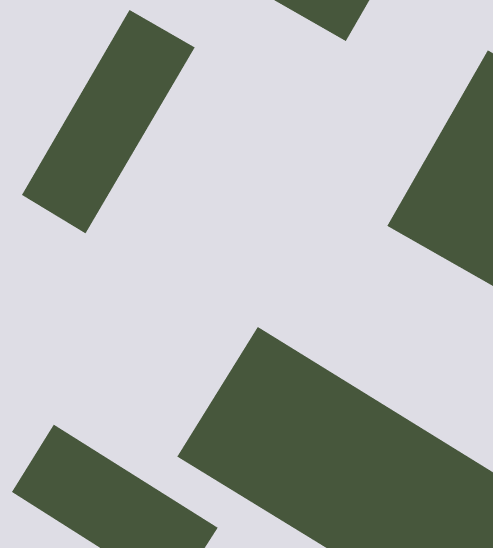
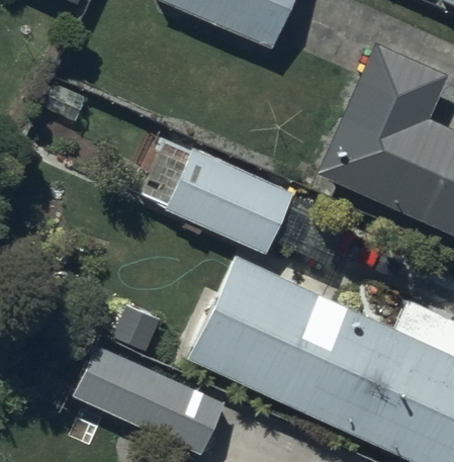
building: [21,9,196,234] -> none
building: none -> [145,141,295,256]

